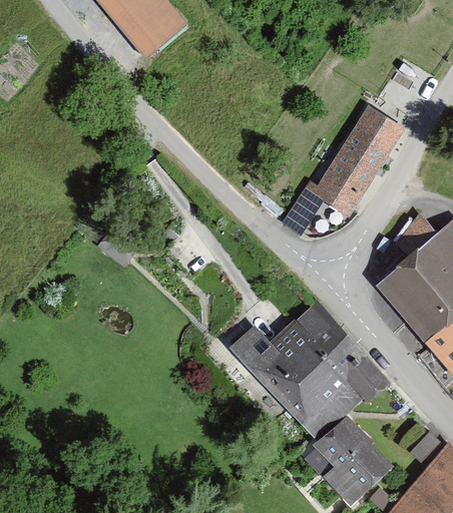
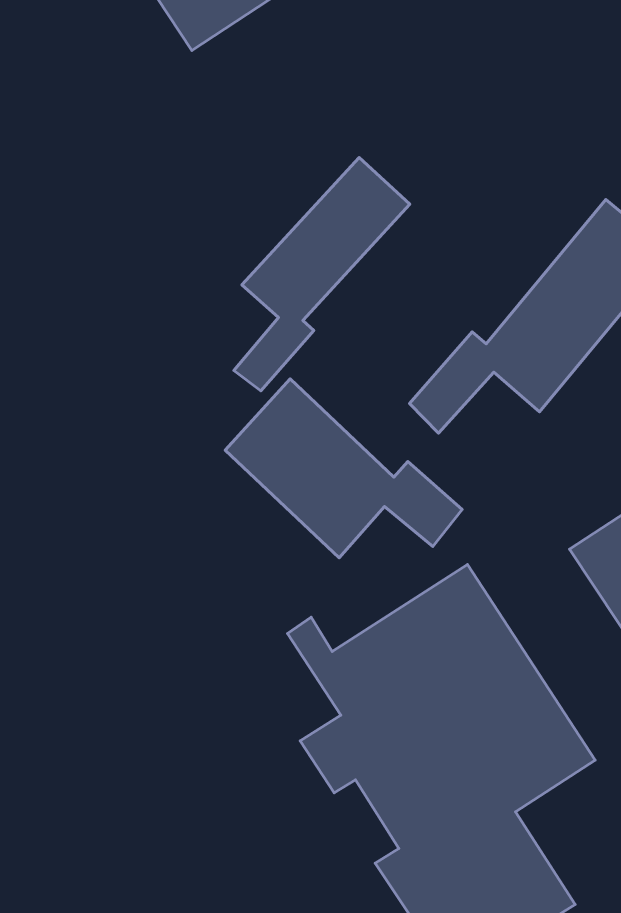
building: none -> [234,157,410,391]
building: none -> [225,379,462,558]

